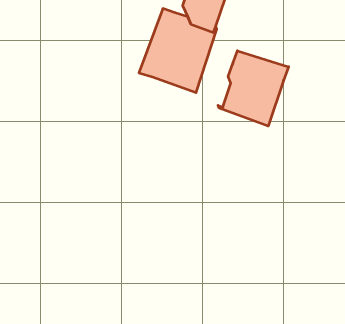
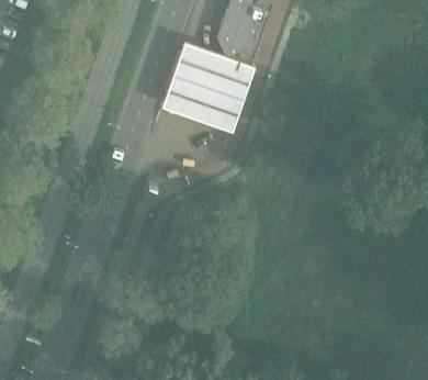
building: [218,51,289,126] -> none

